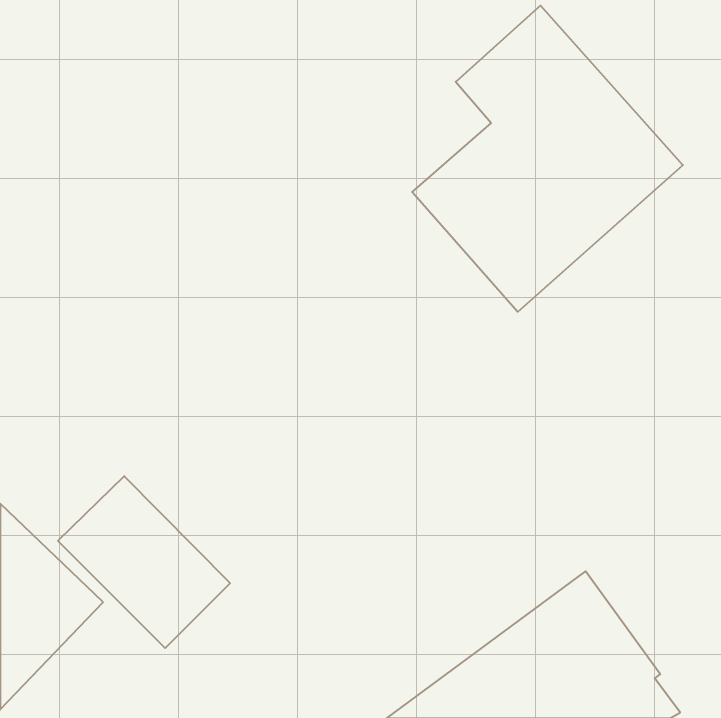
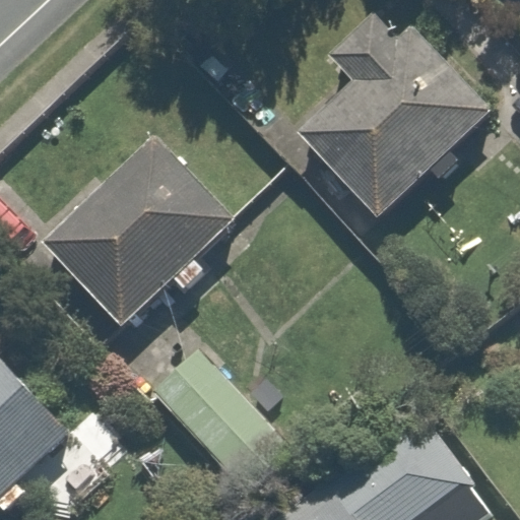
building: none -> [44,140,228,324]
building: [58,476,230,648] -> [150,346,274,470]

